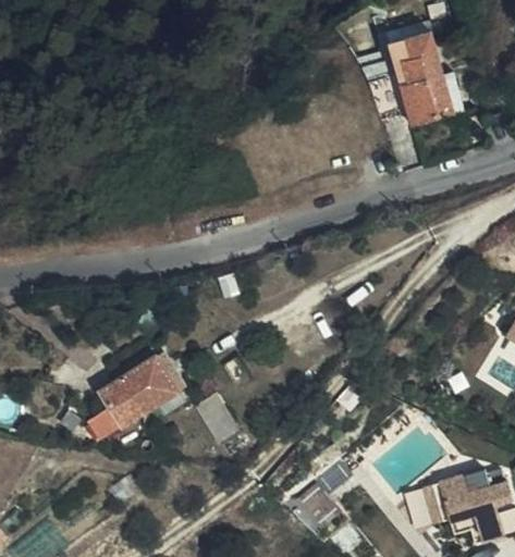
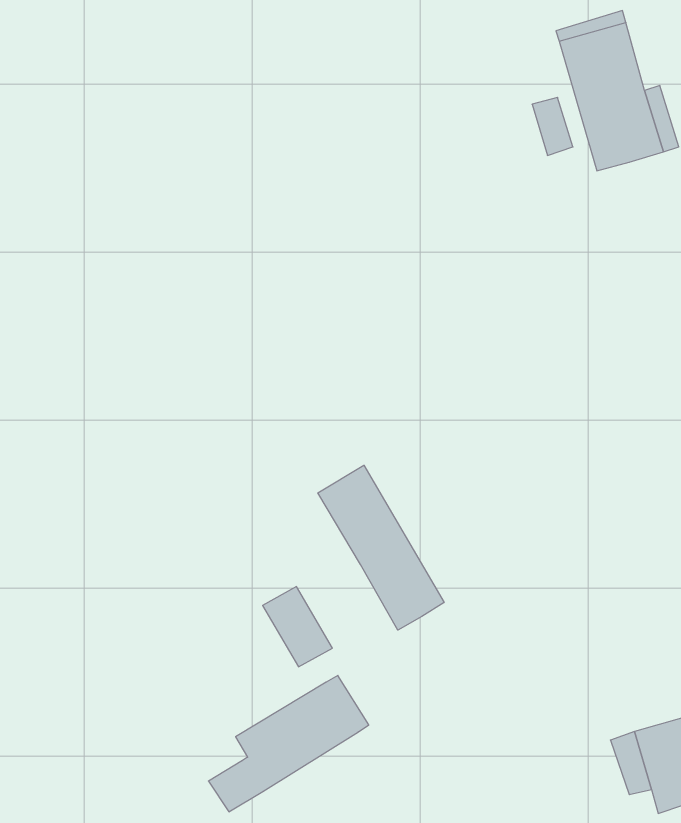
building: none -> [318,465,444,630]
building: [78,356,181,443] -> [208,675,369,812]

